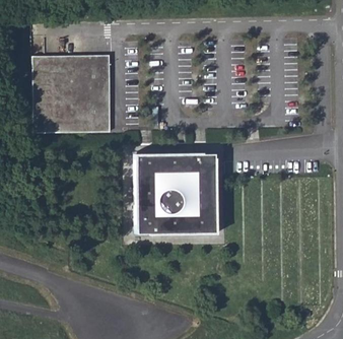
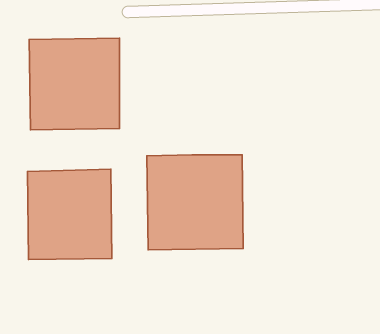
building: none -> [27,169,112,260]

